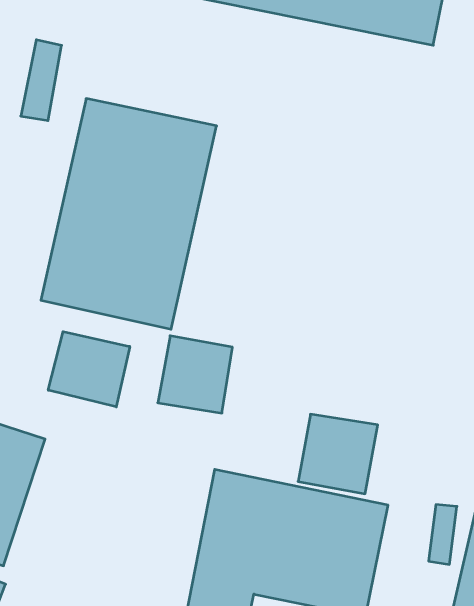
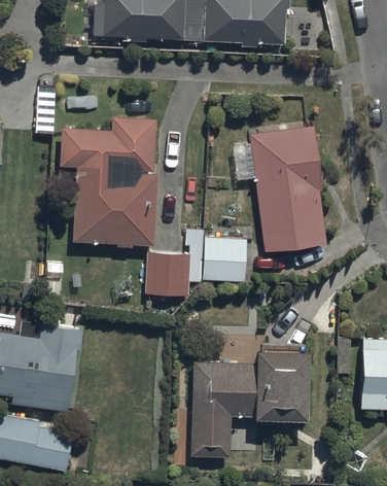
building: none -> [250,125,335,253]
building: [48,332,130,407] -> none
building: [298,414,378,494] -> [199,234,243,278]

